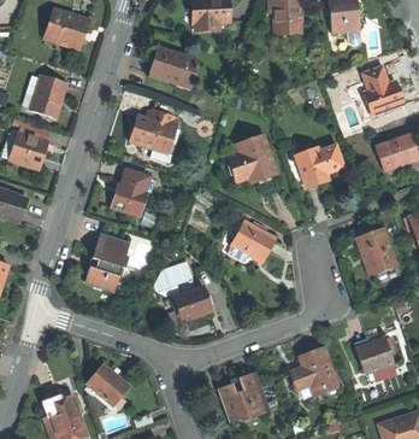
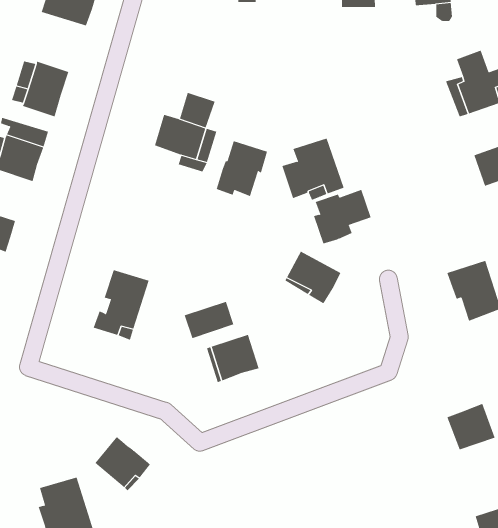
building: [152,47,200,83] -> none
building: [300,145,344,187] -> [313,189,371,244]
building: [113,169,153,212] -> [216,140,268,197]
building: [291,349,336,392] -> none
building: [219,373,266,422] -> none

